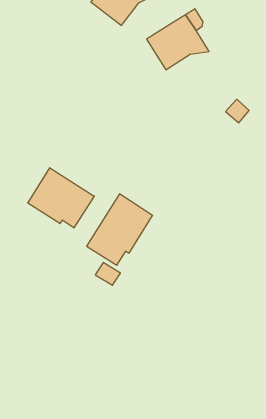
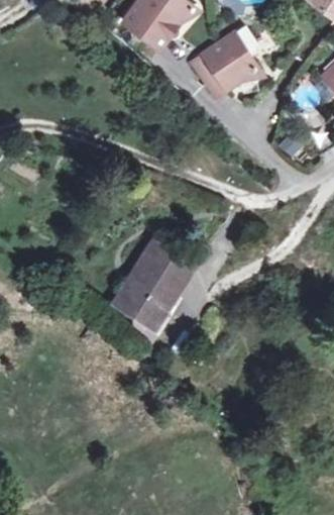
building: [28,168,94,228] -> none

